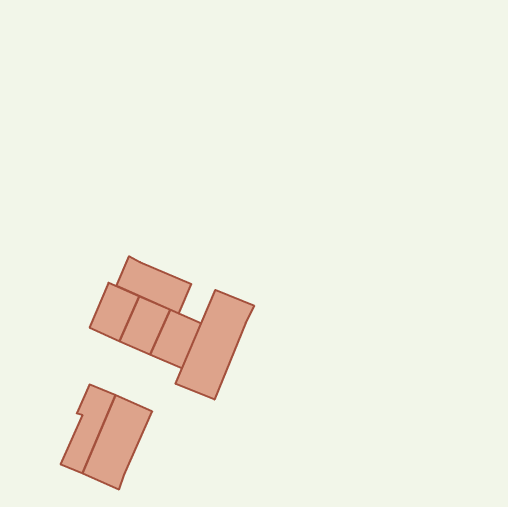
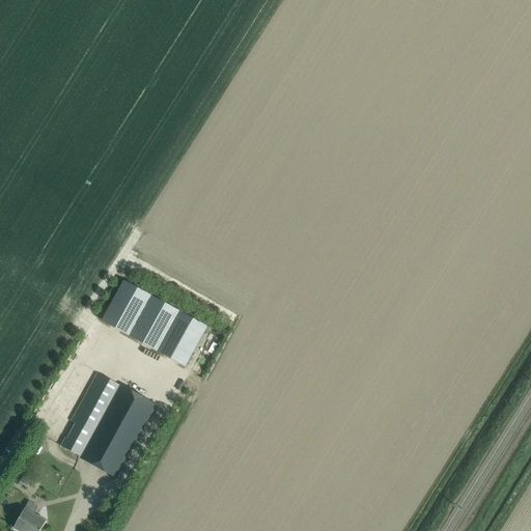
building: [116,256,191,314] -> none
building: [176,290,254,400] -> none

